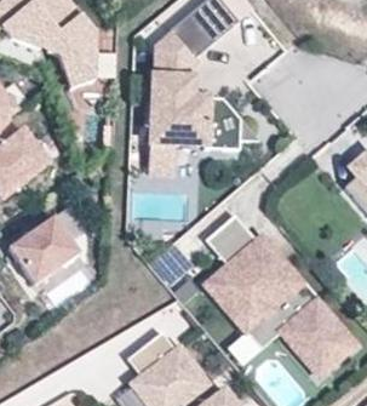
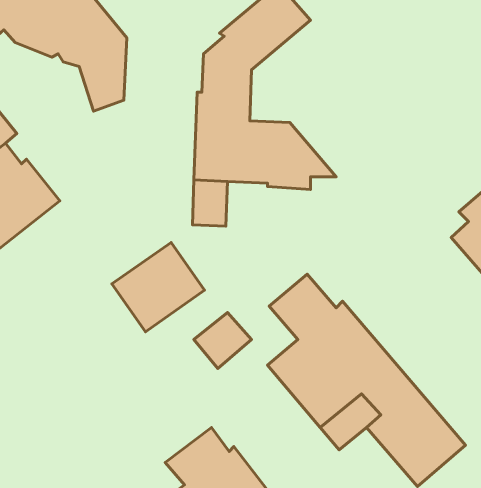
building: [7,215,78,282] -> [112,242,205,332]

